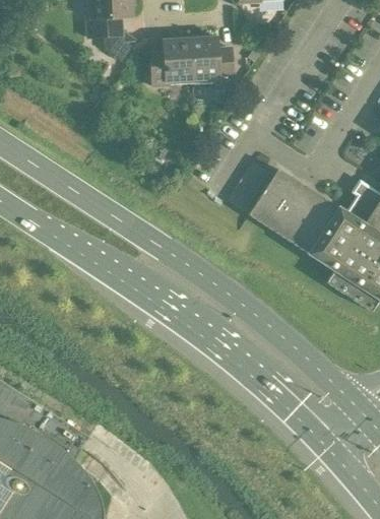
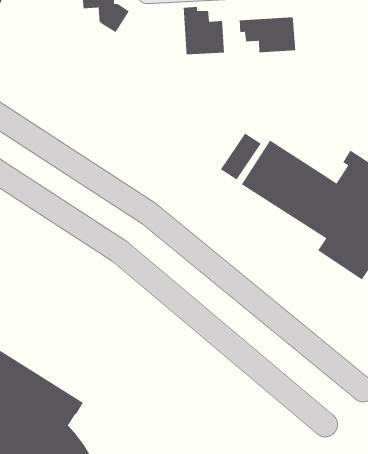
building: [150,36,193,86] -> none
building: none -> [239,17,296,53]

